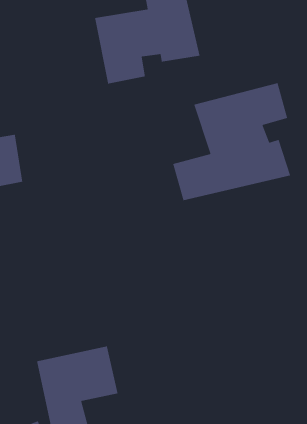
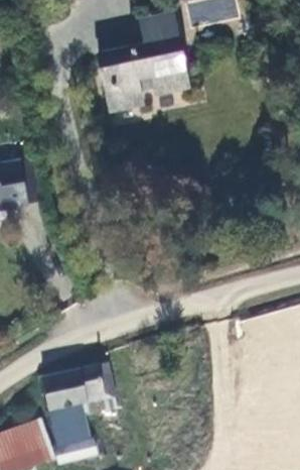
building: [172,82,291,201] -> none

